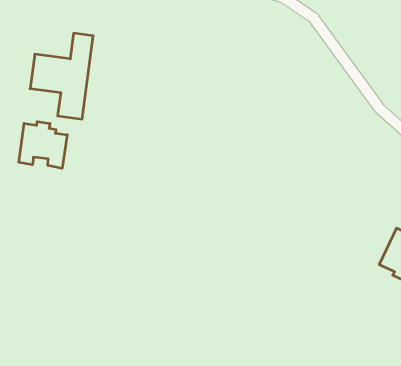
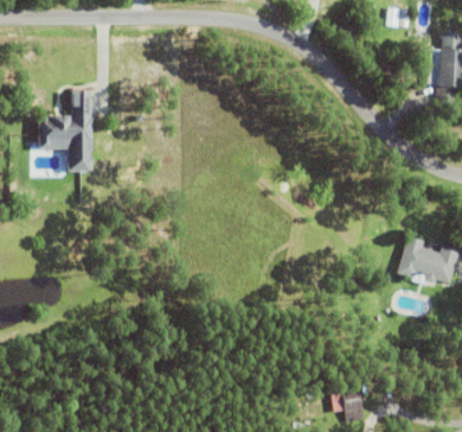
building: [19,122,67,168] -> none

